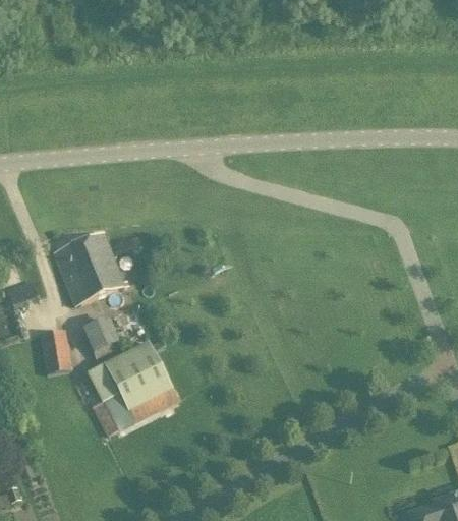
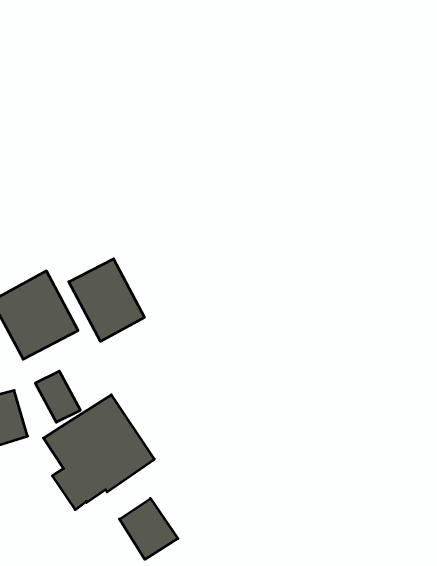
building: none -> [69,259,144,341]
building: none -> [119,498,178,559]

